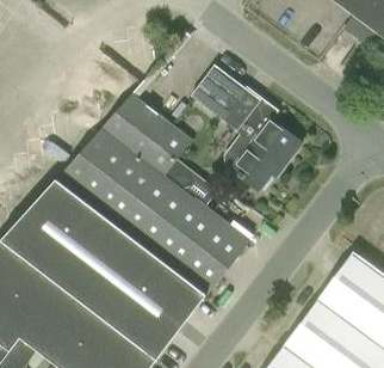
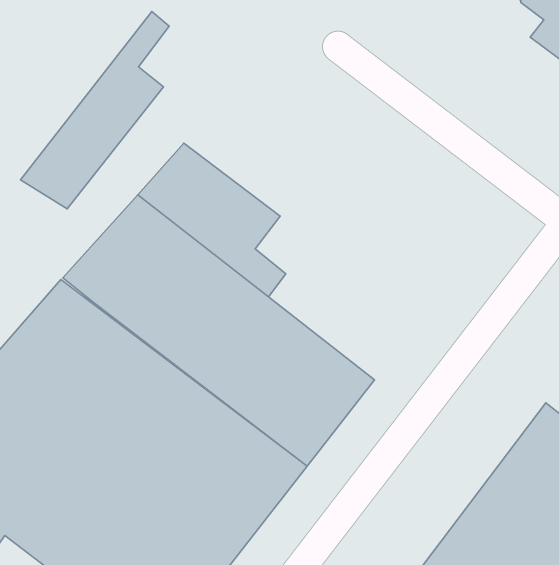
building: none -> [21,12,169,209]
building: [192,66,303,191] -> none

